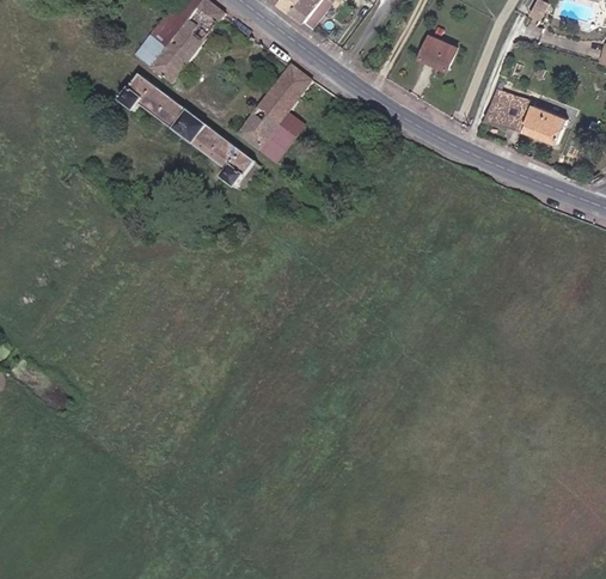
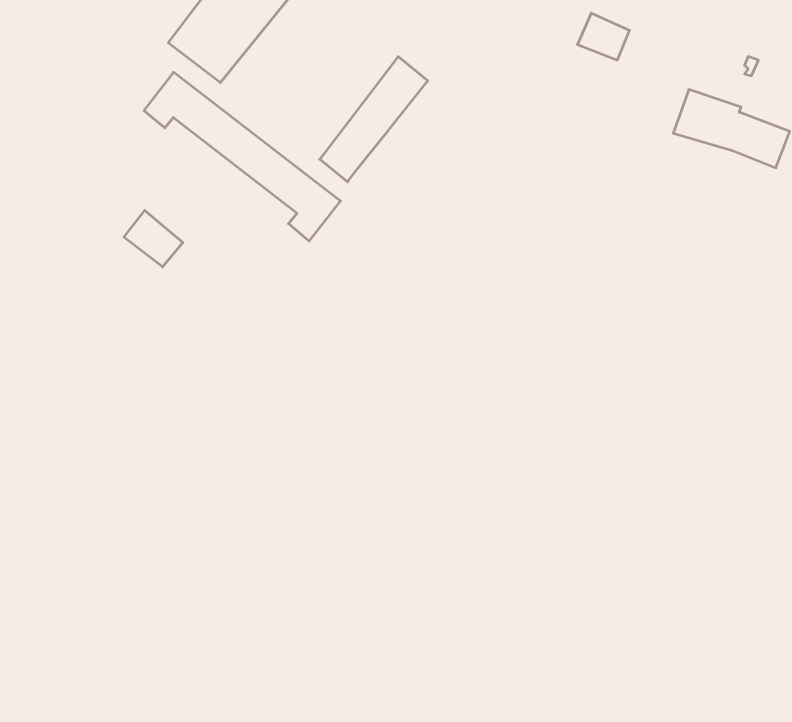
building: [268,116,302,153] -> none
building: none -> [124,210,183,267]

